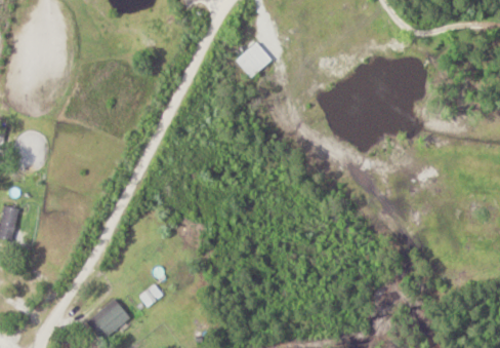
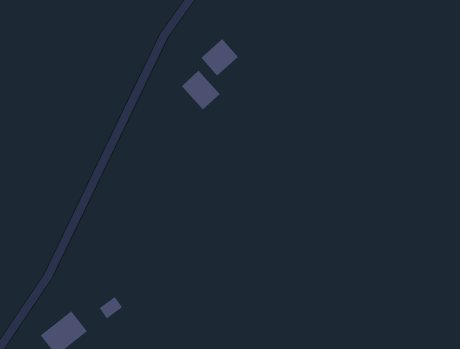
building: none -> [181,70,220,110]

